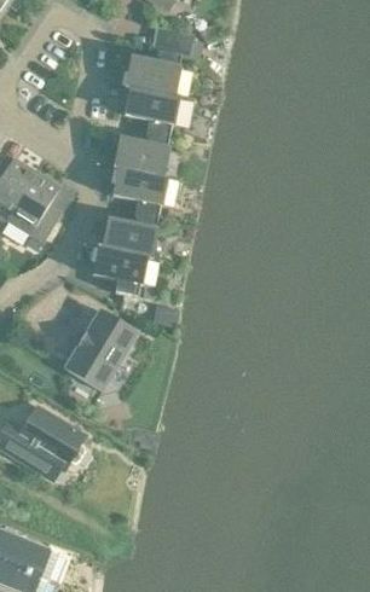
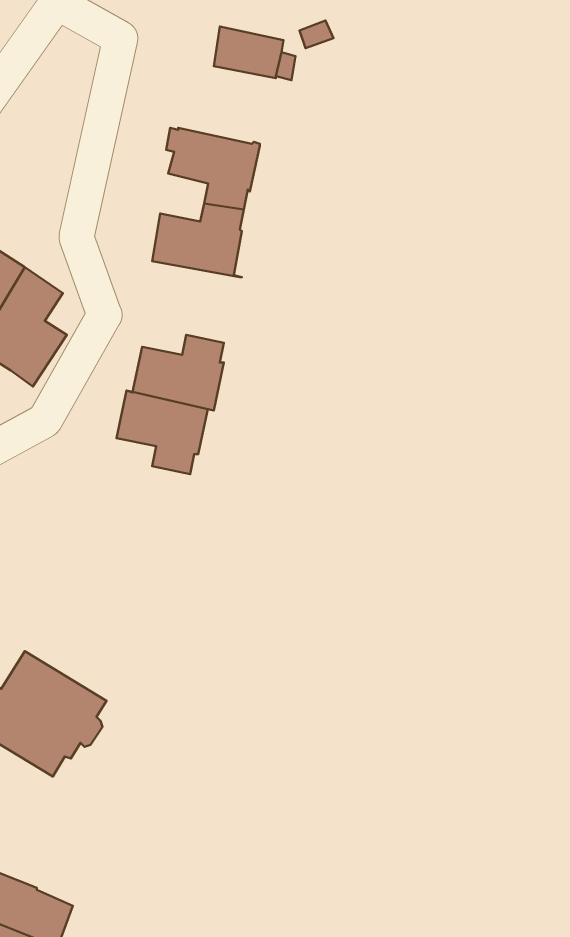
building: [123,51,179,97] -> none
building: [111,168,166,217] -> none
building: [63,309,135,390] -> none

